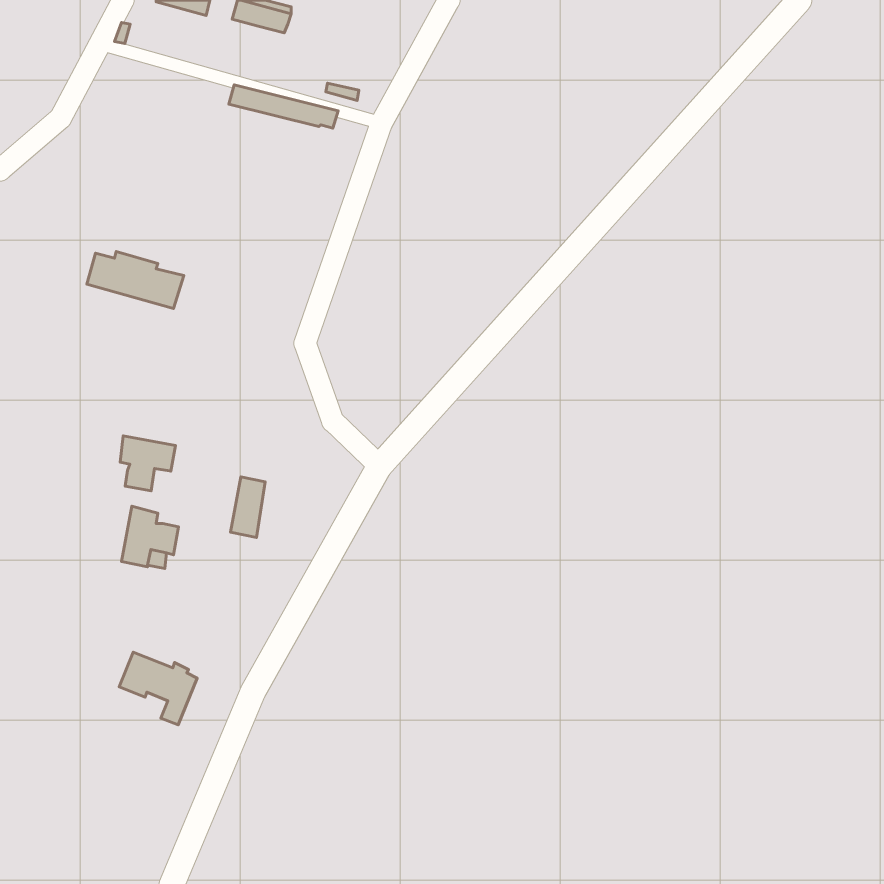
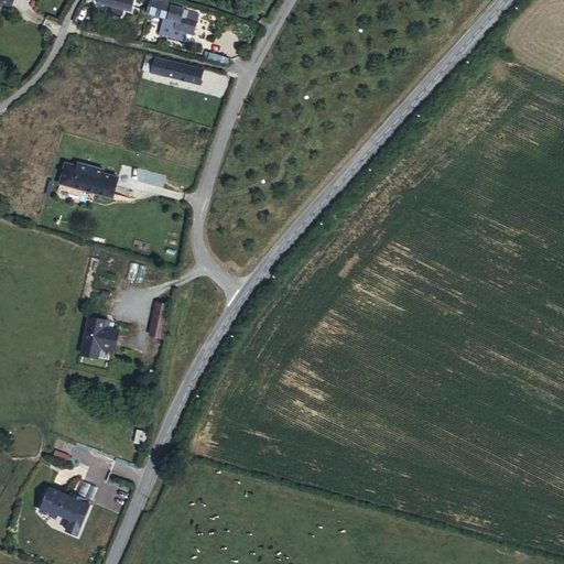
building: none -> [160,10,202,41]
building: [120,436,175,491] -> none
building: [119,652,197,725] -> [39,489,88,535]

